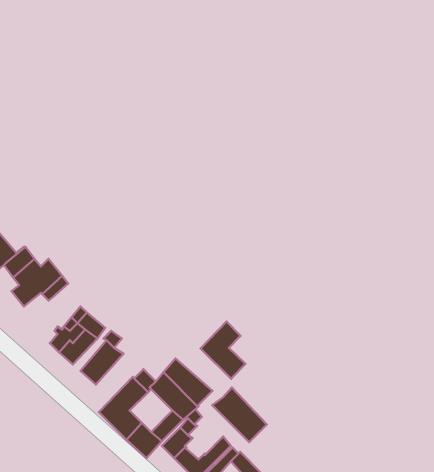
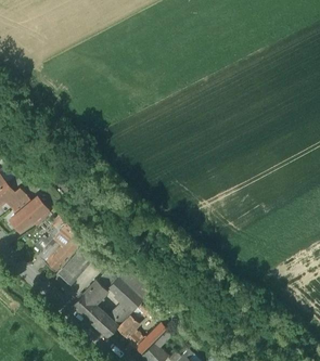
building: [201,321,245,379] -> none
building: [212,387,267,442] -> none

